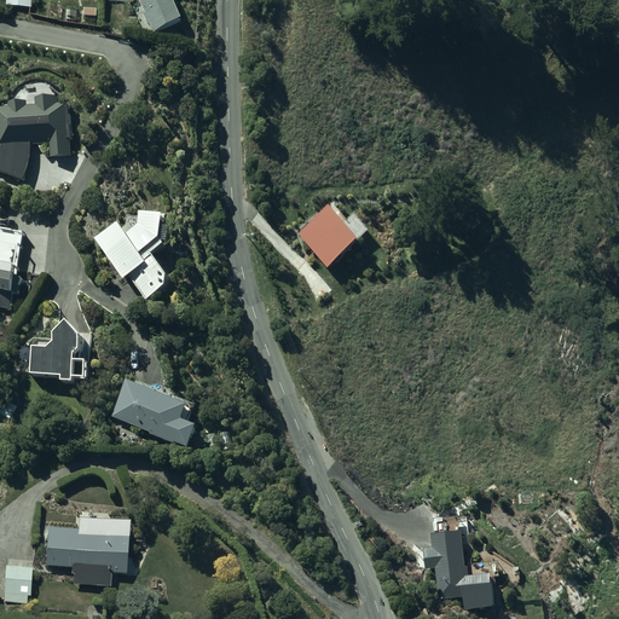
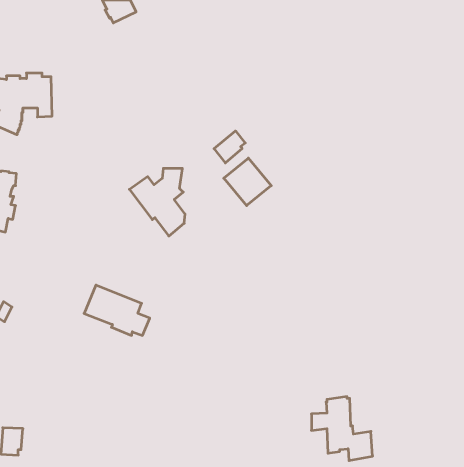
building: none -> [214,131,245,163]
building: [94,208,168,297] -> [129,168,185,236]
building: [33,320,88,382] -> none
building: [44,517,127,585] -> none

